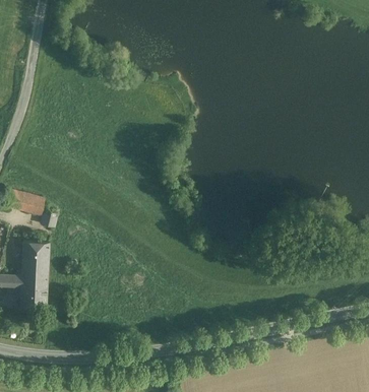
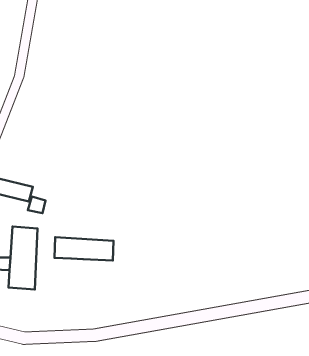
building: none -> [55,237,113,261]

